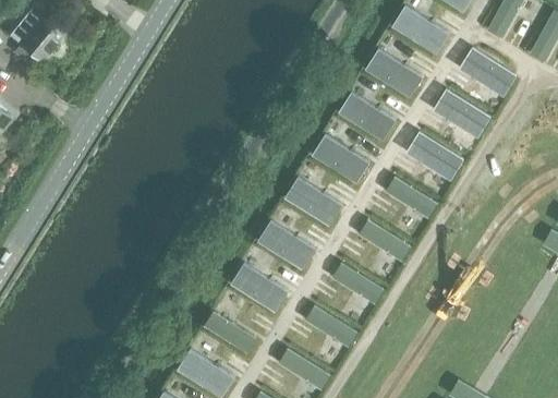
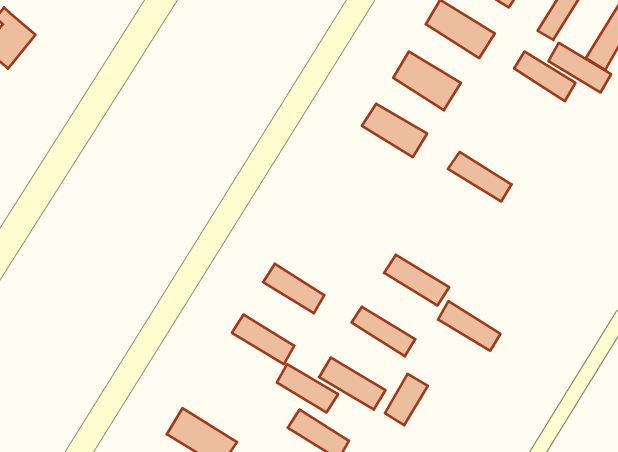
building: [438,91,490,132] -> [549,43,611,92]
building: [312,135,368,182] -> none
building: [385,177,437,218] -> [438,301,500,351]
building: [283,184,336,226] -> none
building: [203,313,254,353] -> [277,364,338,412]
building: none -> [385,374,428,425]

